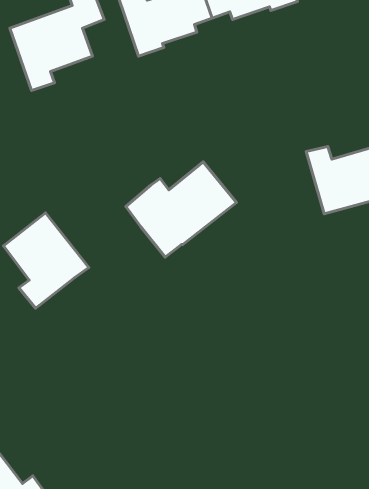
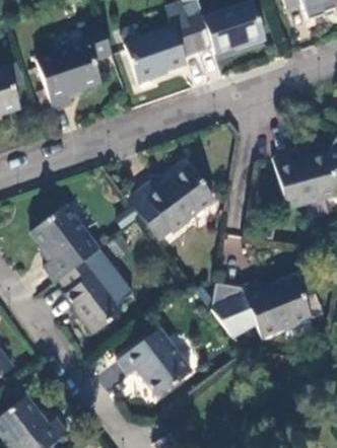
building: none -> [60,257,124,331]
building: none -> [211,276,315,337]
building: none -> [121,329,193,397]

